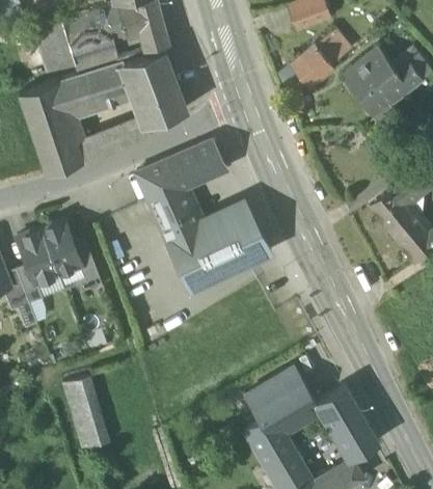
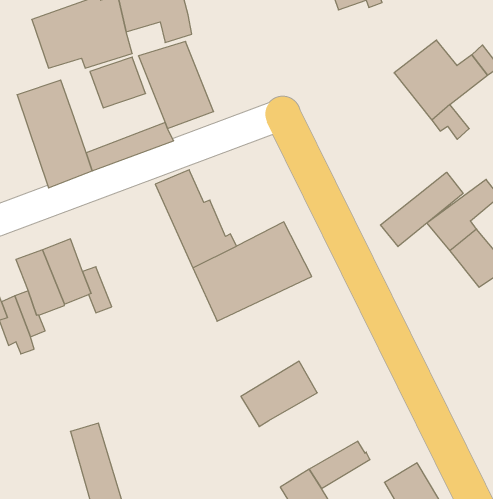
building: [291,30,344,85] -> none
building: [56,77,92,116] -> none
building: [166,141,227,189] -> none
building: none -> [380,172,463,247]
building: [245,366,310,423] -> [241,361,317,427]
building: [318,386,361,429] -> none

